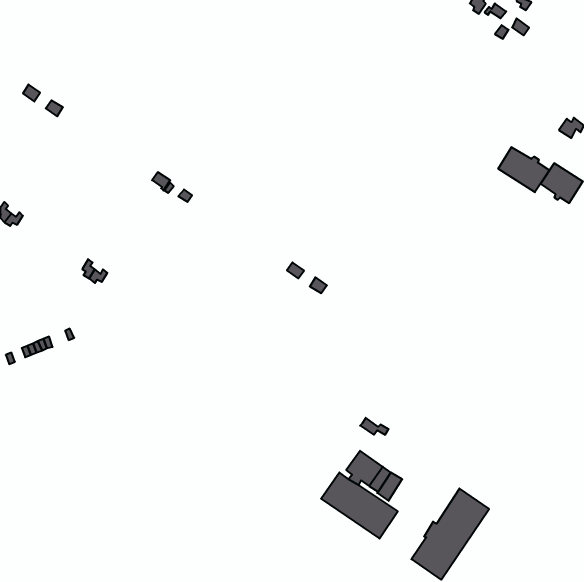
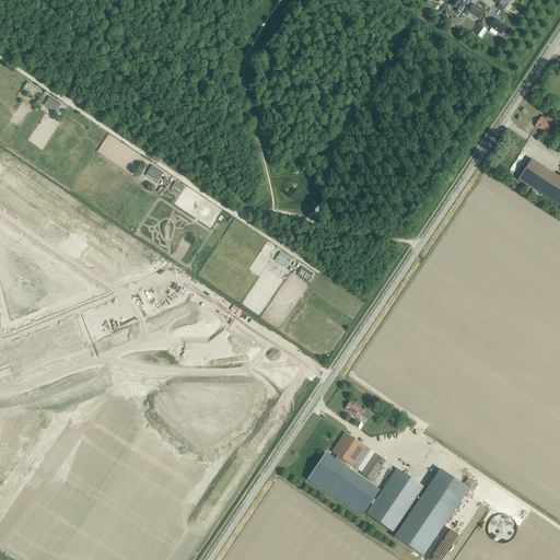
building: [498,147,549,192] -> none
building: none -> [366,468,424,532]

